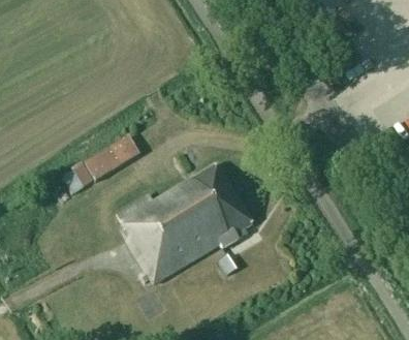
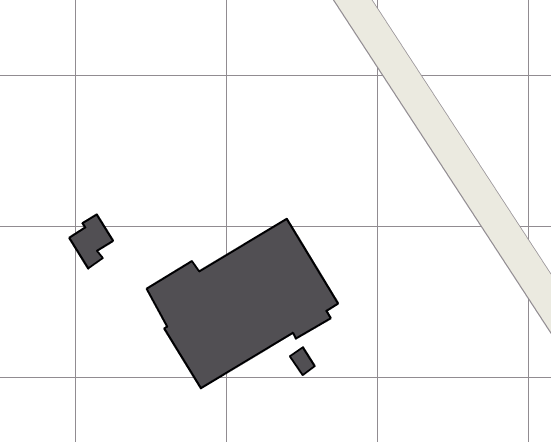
building: [87,134,140,178] -> none

